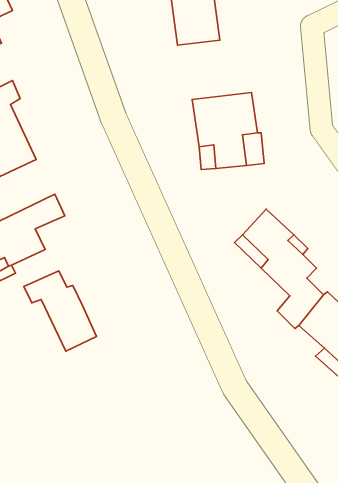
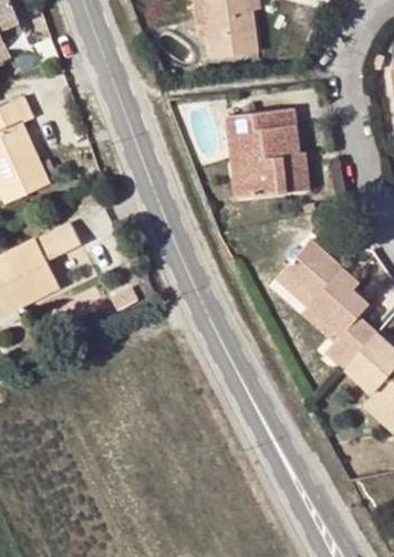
building: [24,271,96,351] -> none

